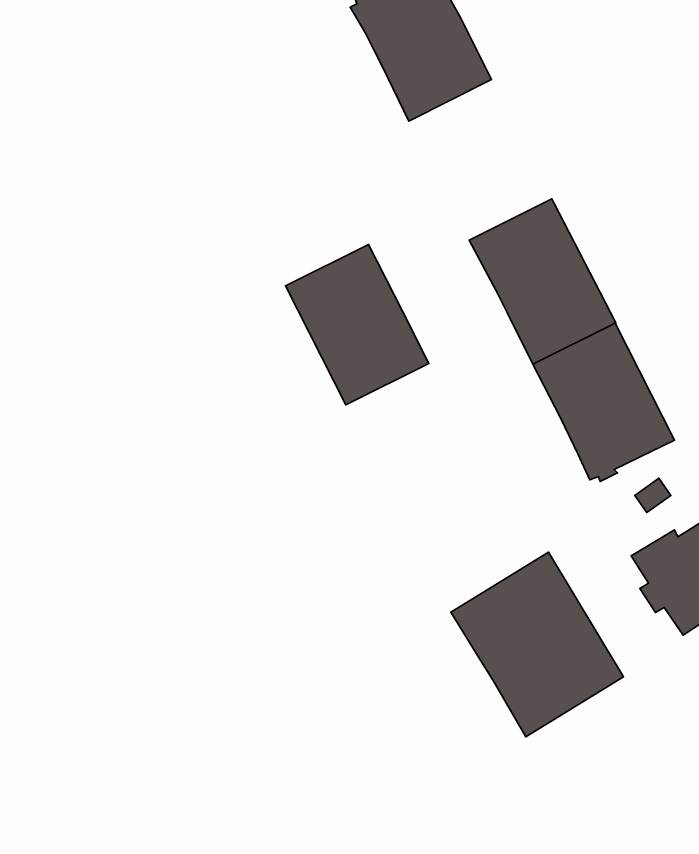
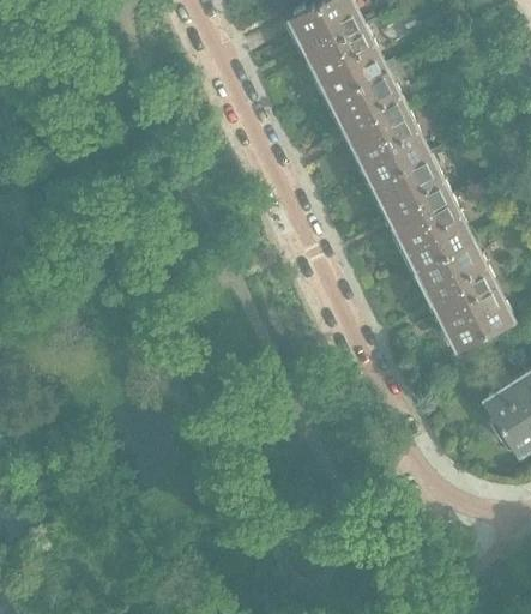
building: [286,245,429,405] -> [328,70,428,181]
building: [451,552,623,737] -> none

